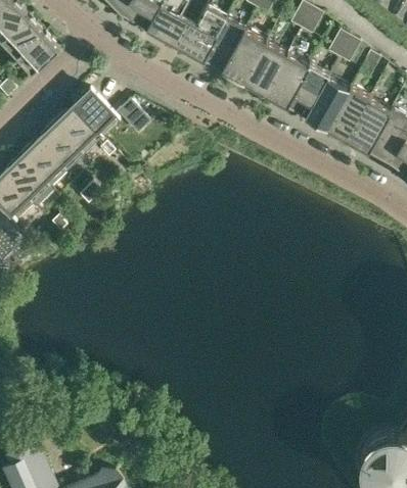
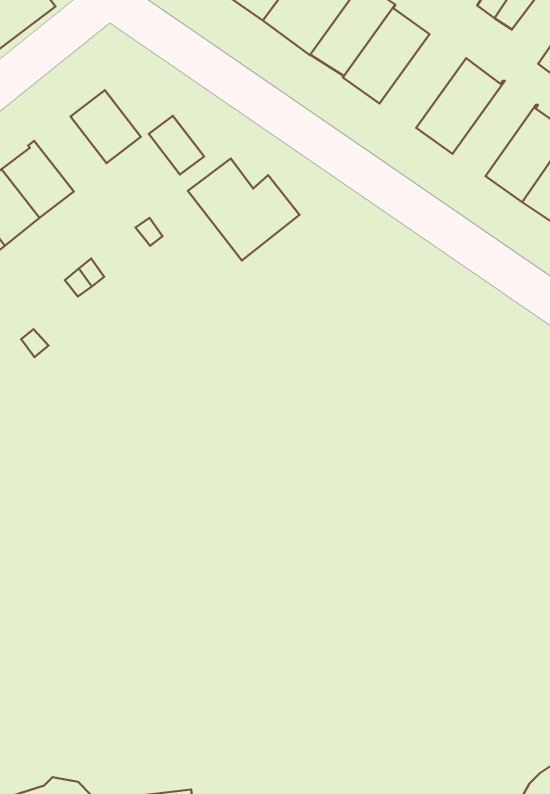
building: [242,42,287,94] -> none
building: [285,63,328,116] -> none
building: [55,107,97,148] -> none
building: none -> [188,159,300,261]

